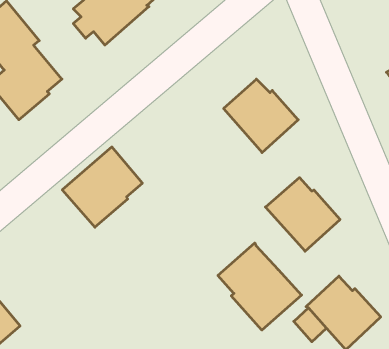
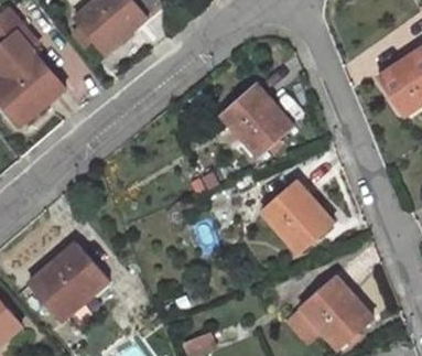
building: [62,147,142,227] -> [28,242,106,321]
building: [218,243,302,330] -> none

